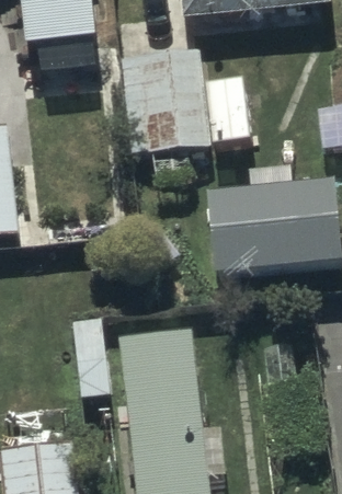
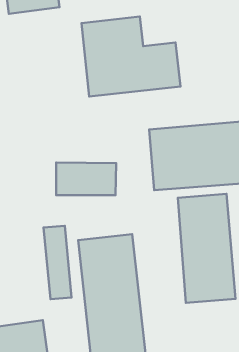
building: none -> [178,194,235,303]

